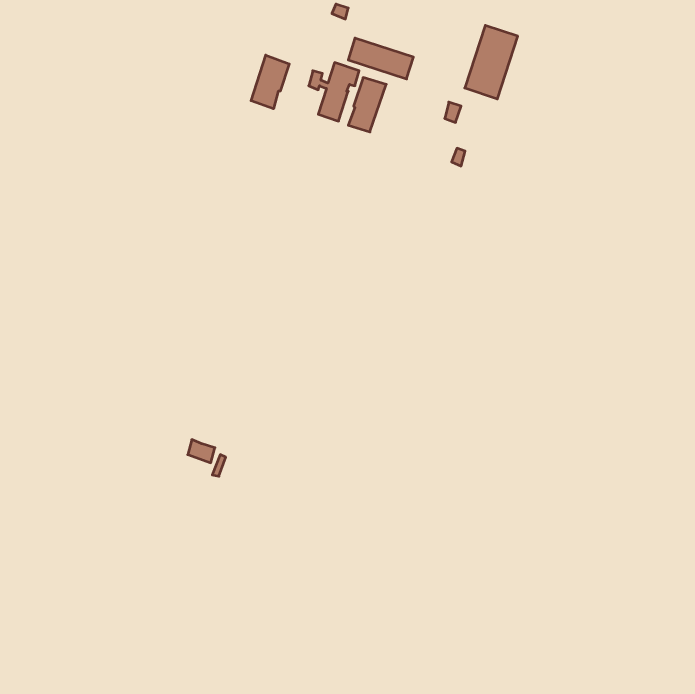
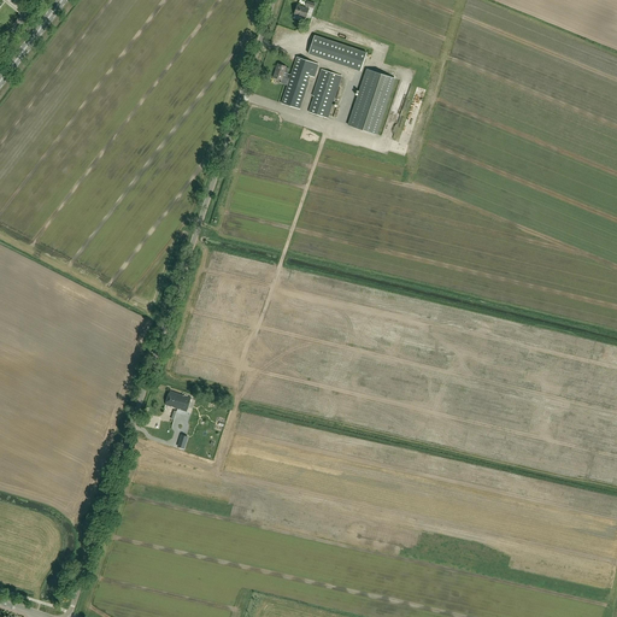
building: [465,25,518,99] -> [348,67,395,133]
building: [251,55,289,109] -> none

